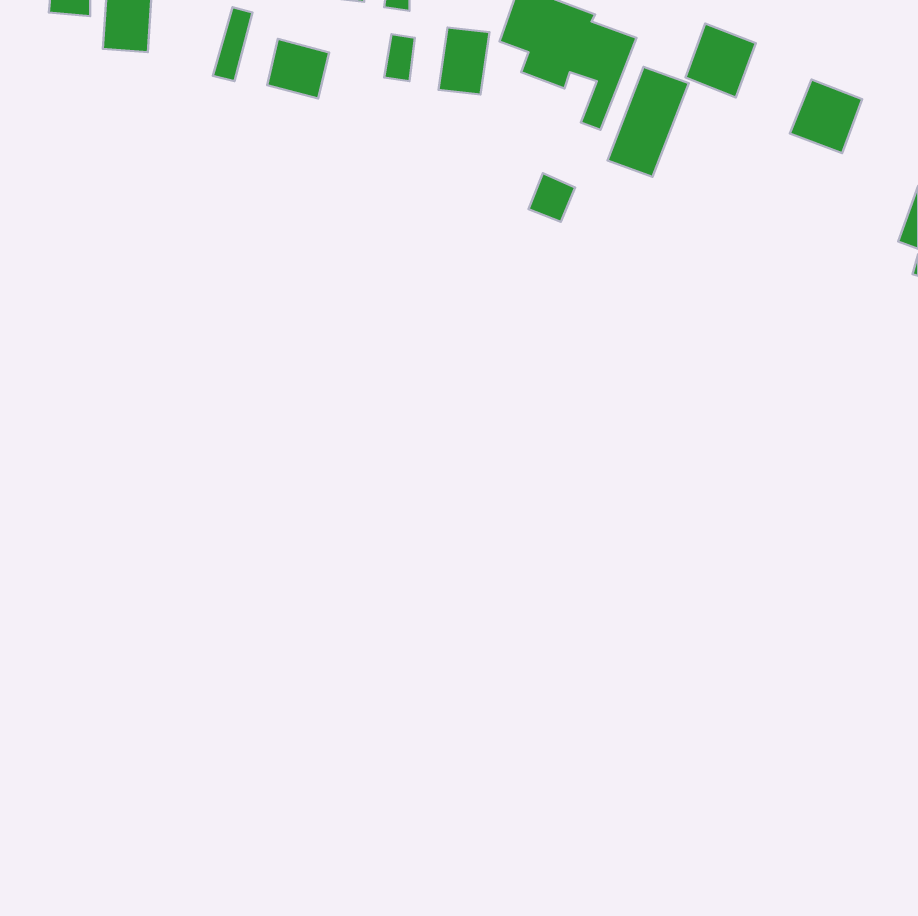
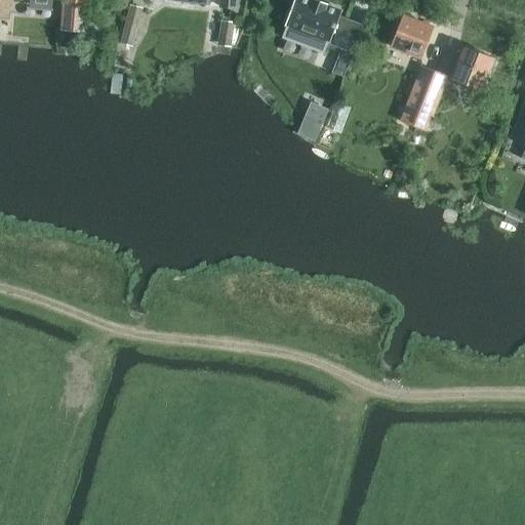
building: [439,28,489,95] -> none
building: [267,39,329,99] -> none
building: [608,67,689,177] -> [399,65,445,127]

